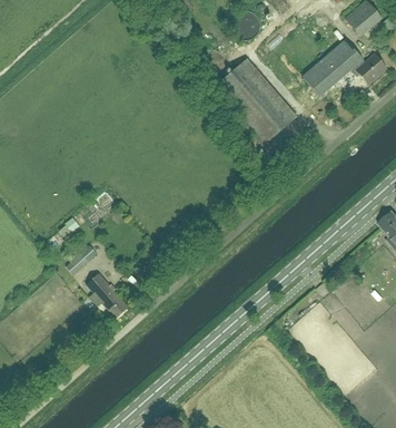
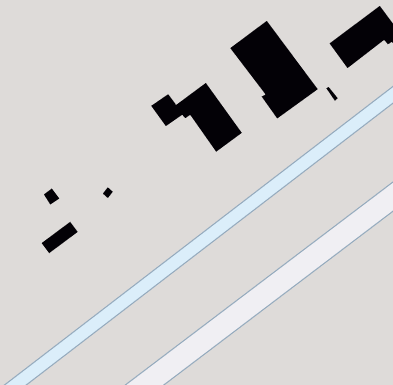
building: none -> [150,82,243,153]
building: [86,273,128,318] -> none

